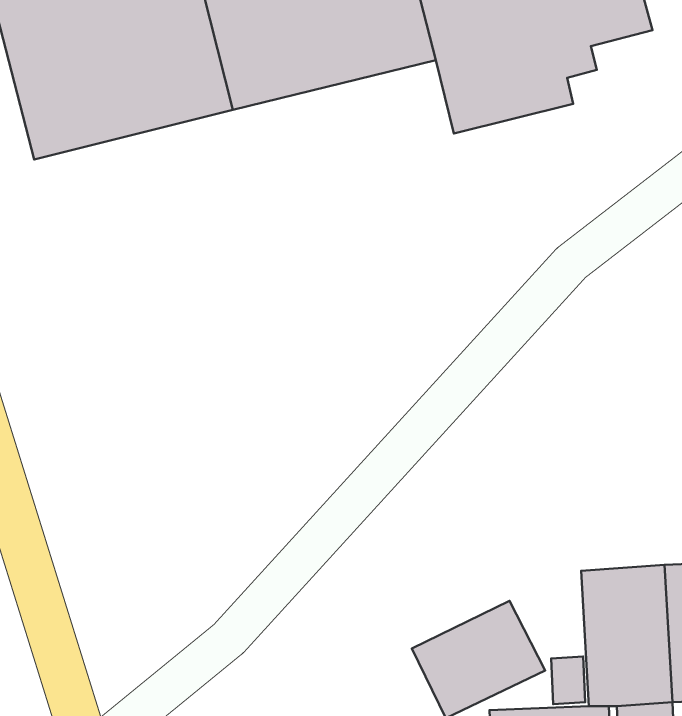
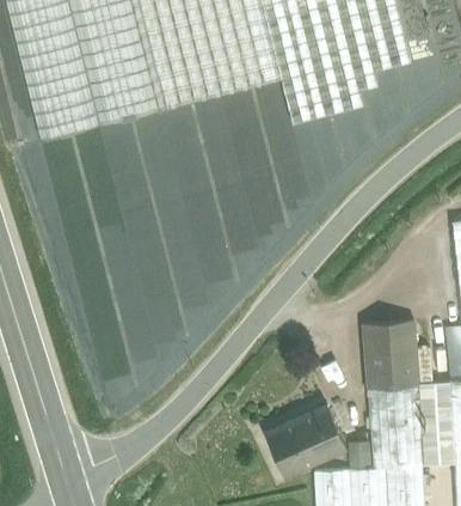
building: none -> [364,319,419,386]

